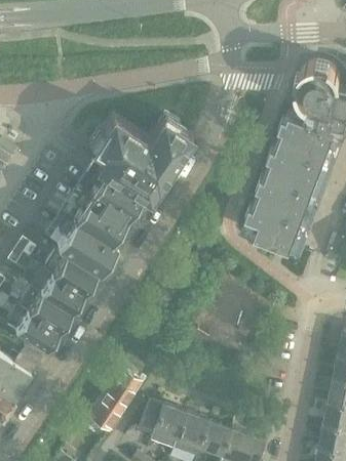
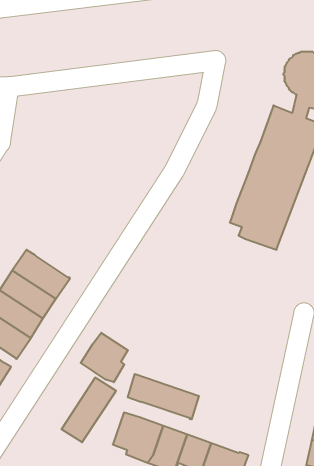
building: [56,116,191,274] -> none
building: none -> [81,333,128,382]
building: none -> [128,374,199,419]

